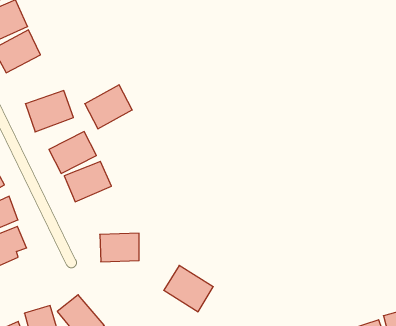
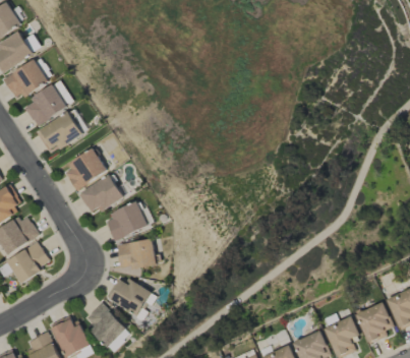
building: [85,85,132,129] -> [22,84,67,127]
building: none -> [103,201,148,242]
building: [164,265,213,312] -> [105,275,151,316]

